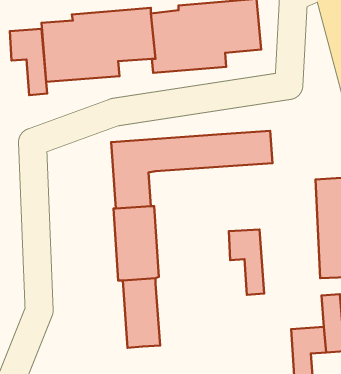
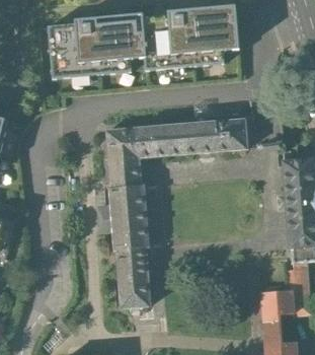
building: [10,29,47,95] -> none
building: [229,229,264,295] -> none

